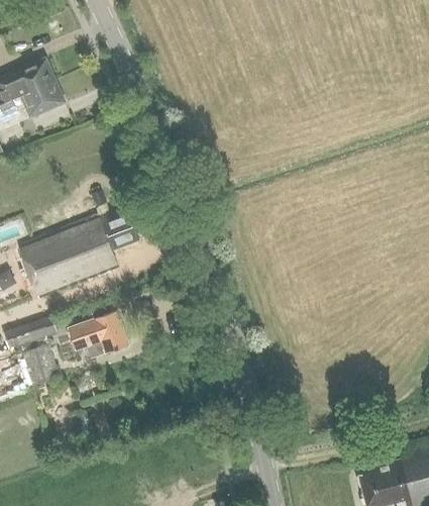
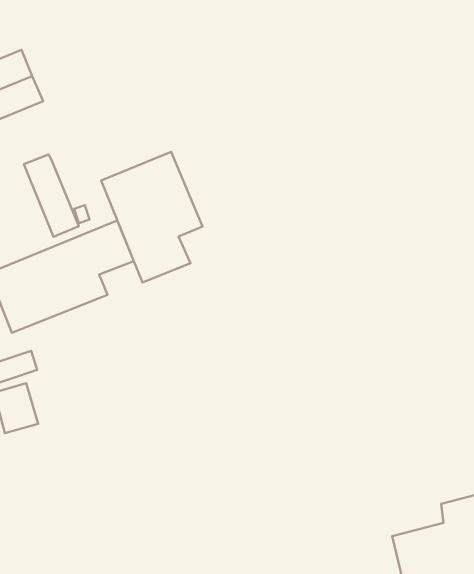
building: none -> [101,152,203,282]
building: none -> [24,155,79,237]
building: [67,311,127,359] -> none

